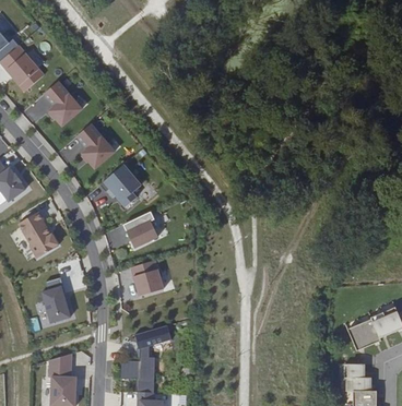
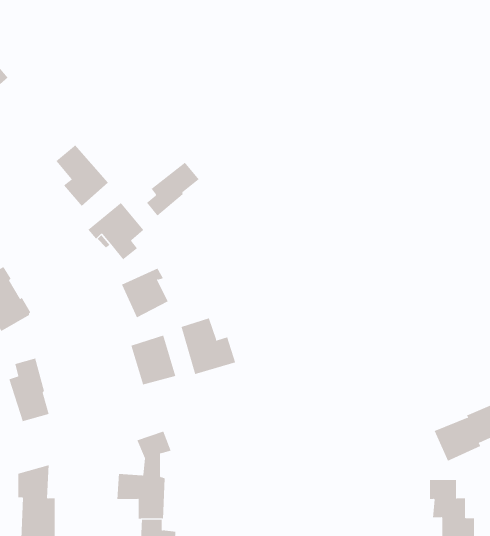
building: [44,81,82,126] -> none
building: none -> [146,162,200,216]
building: none -> [181,318,236,375]

